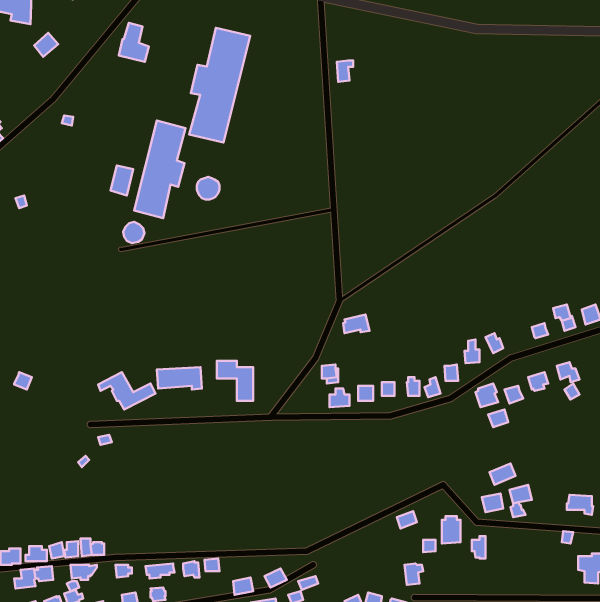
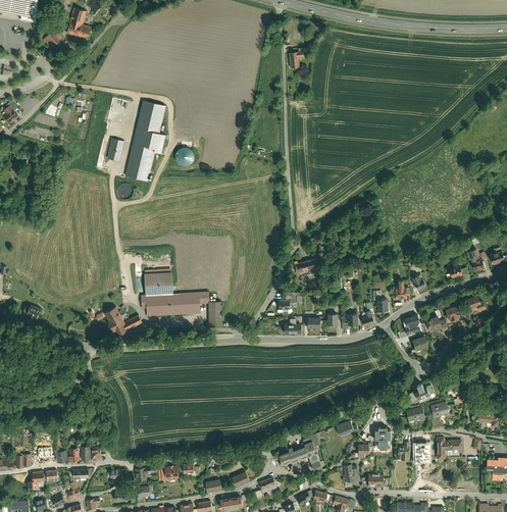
building: [119,23,149,62] -> [65,9,90,41]
building: [189,28,250,143] -> none
building: none -> [145,272,172,299]
building: none -> [282,434,322,467]
building: none -> [438,437,464,460]

